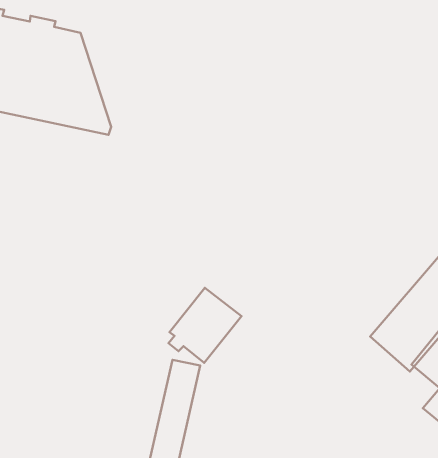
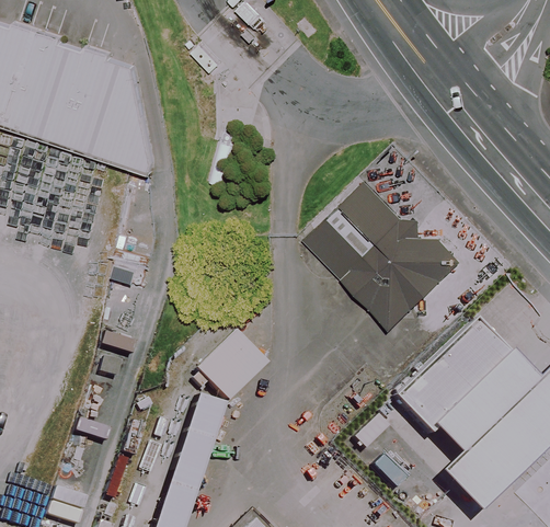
building: none -> [305,183,465,334]

